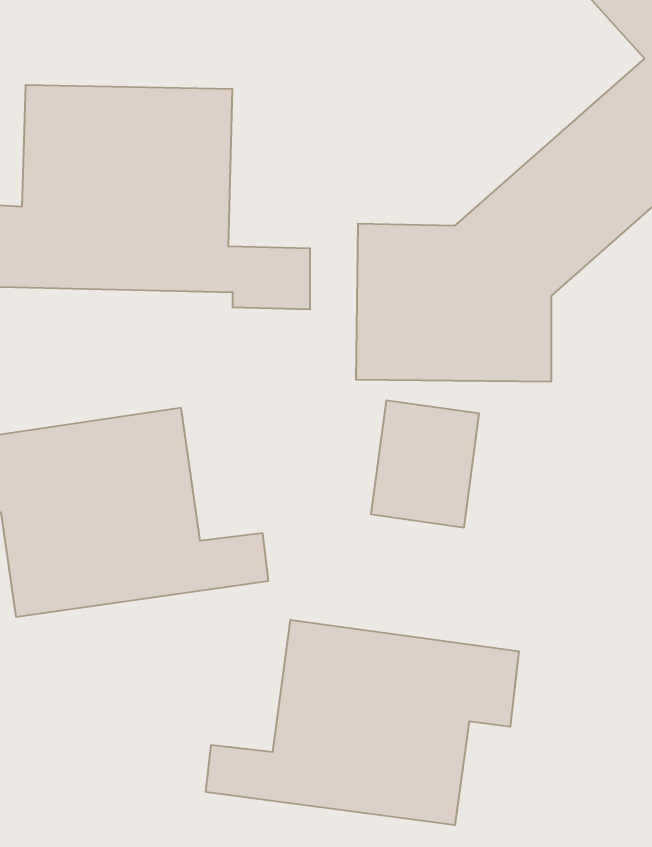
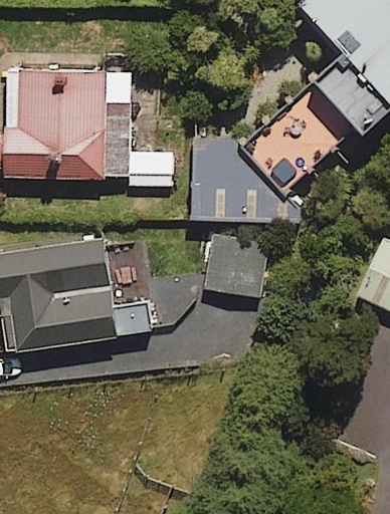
building: [206,620,519,825] -> none

